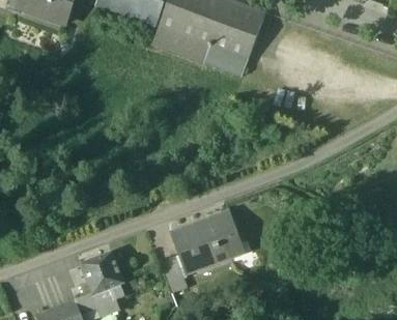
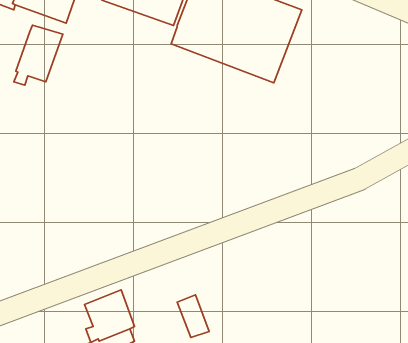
building: none -> [14,25,63,85]
building: [170,211,236,272] -> none

